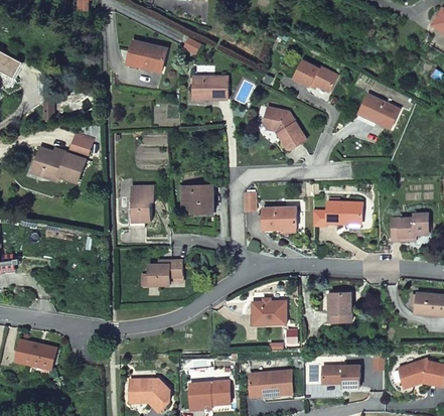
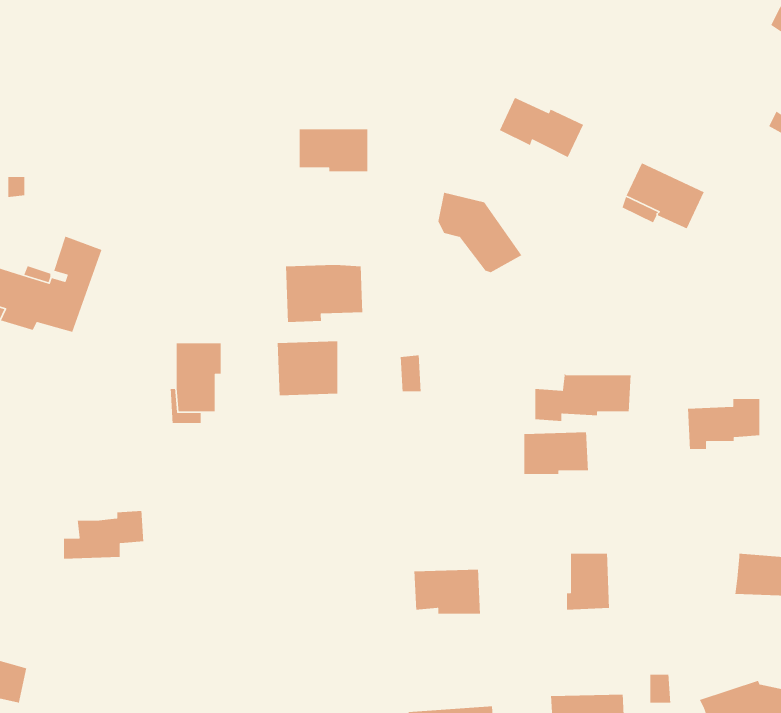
building: [128,41,166,72] -> none
building: none -> [285,264,363,323]
building: [263,207,296,230] -> [523,431,589,475]
building: [141,260,182,285] -> [63,510,144,560]

